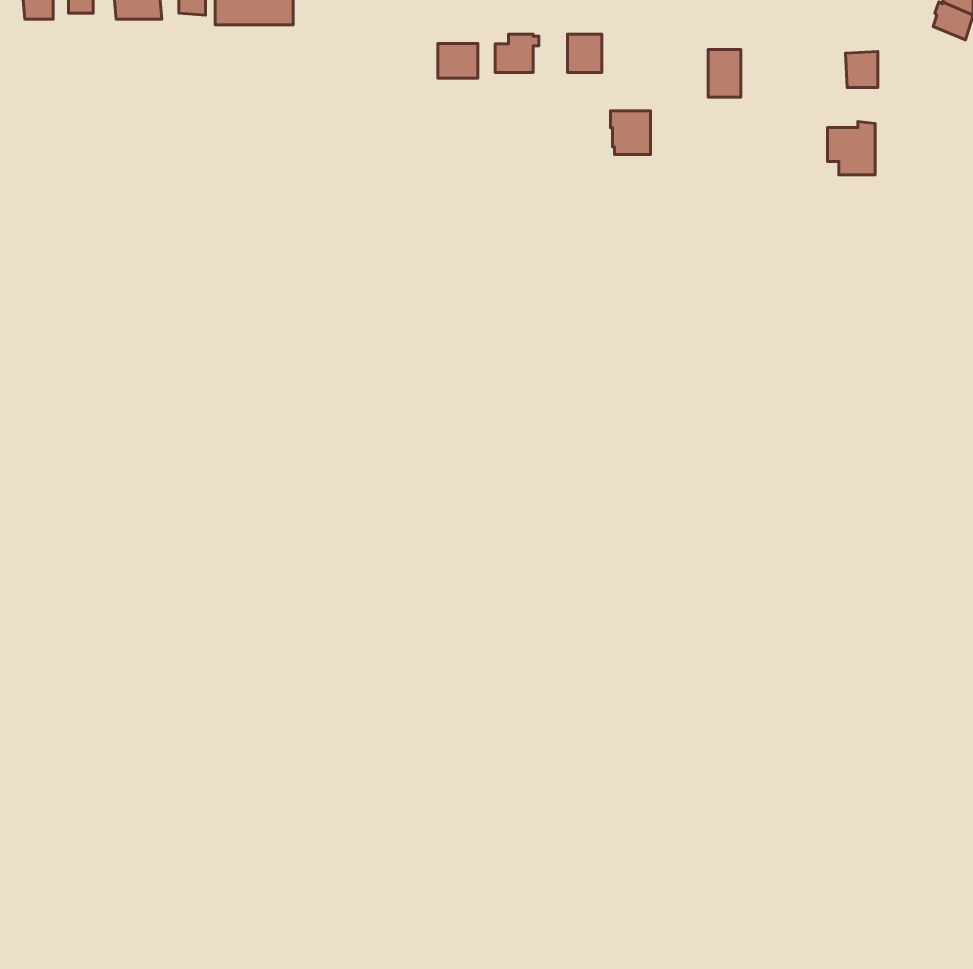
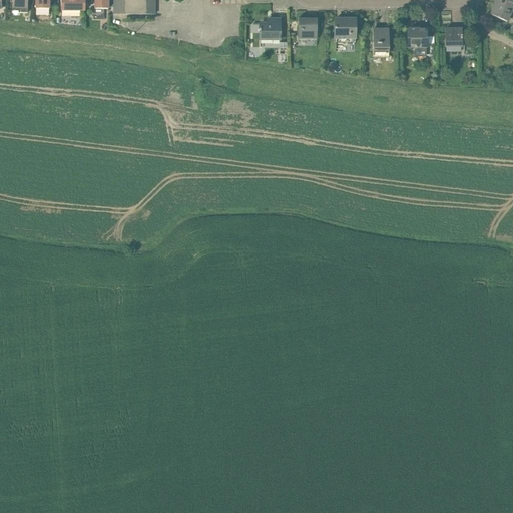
building: [438,43,478,78] -> none
building: [611,111,651,155] -> [335,18,356,41]
building: [827,122,875,175] -> [409,25,434,53]

